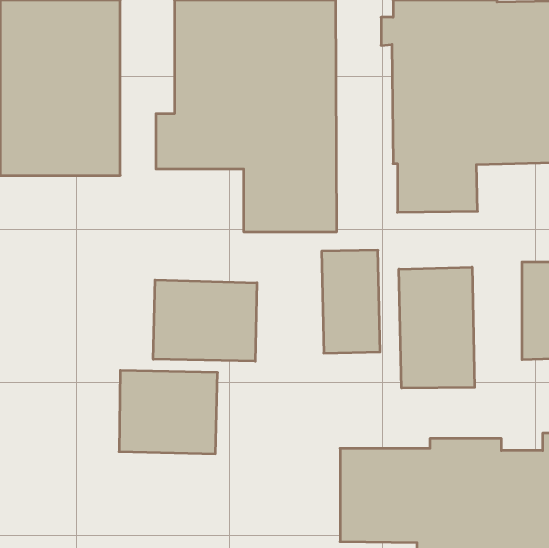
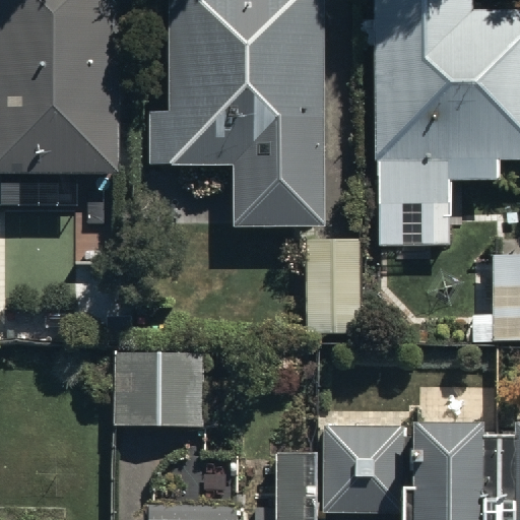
building: [399,267,475,388] -> none
building: [153,280,257,361] -> none

